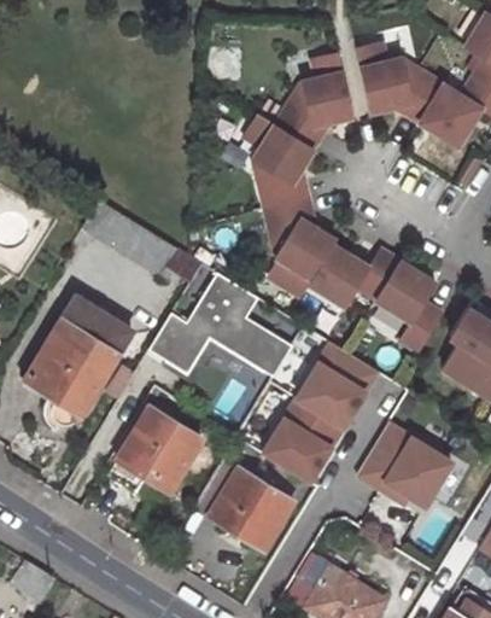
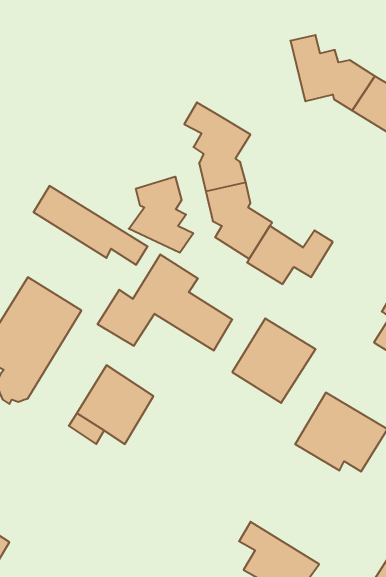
building: [275,53,352,148] -> none
building: none -> [129,177,193,253]
building: [374,262,442,352] -> none
building: [259,400,344,485] -> none
building: [193,461,292,552] -> none

